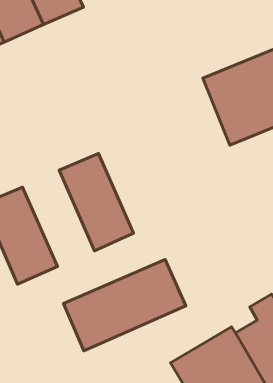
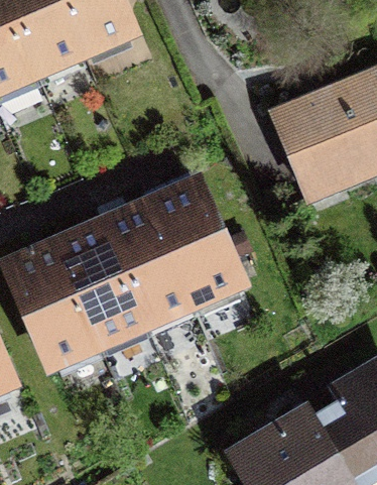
building: none -> [149,185,239,301]
building: none -> [57,226,144,342]
building: [64,260,186,351] -> none

